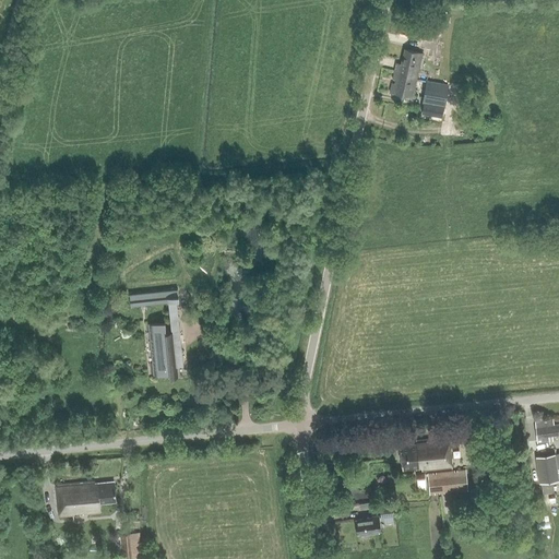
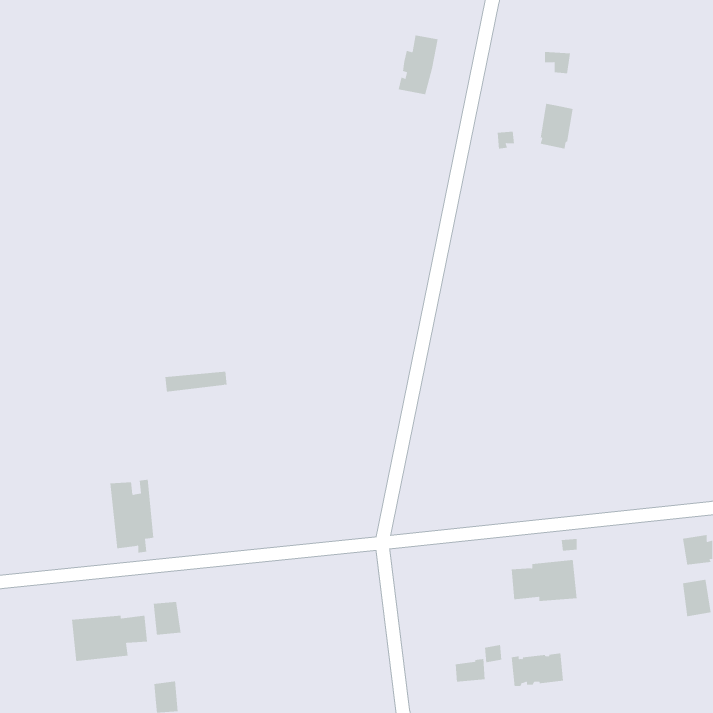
building: [391,50,423,97] -> [398,35,438,95]
building: [147,321,182,379] -> [110,479,154,553]
building: [427,469,468,496] -> [511,653,564,686]
building: none -> [153,601,181,636]

